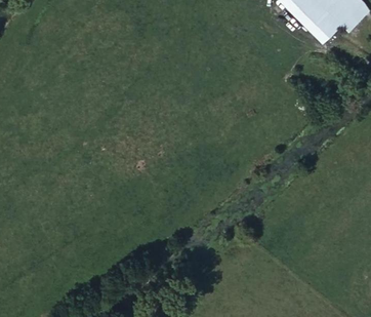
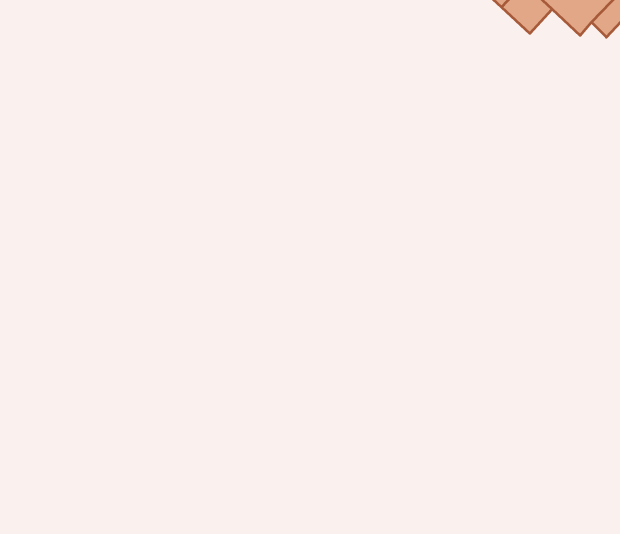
building: [308,16,336,44] -> none

